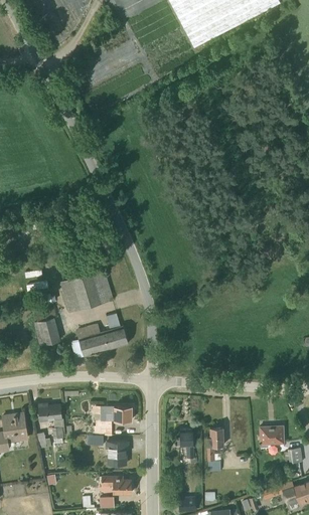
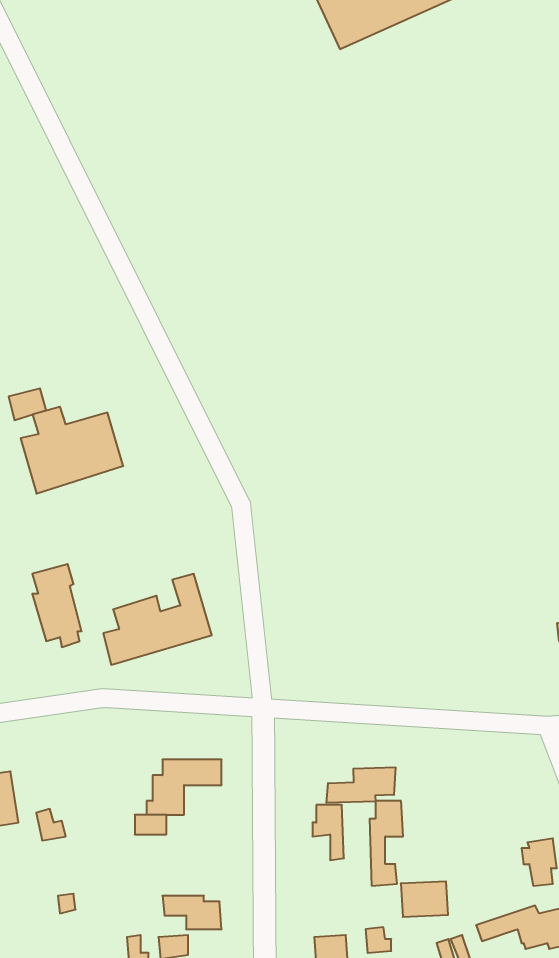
building: [59,268,112,312] -> [21,407,123,494]
building: [38,403,64,444] -> none
building: none -> [326,767,395,803]
building: [259,425,283,444] -> [401,881,448,917]
building: [105,442,128,464] -> none

